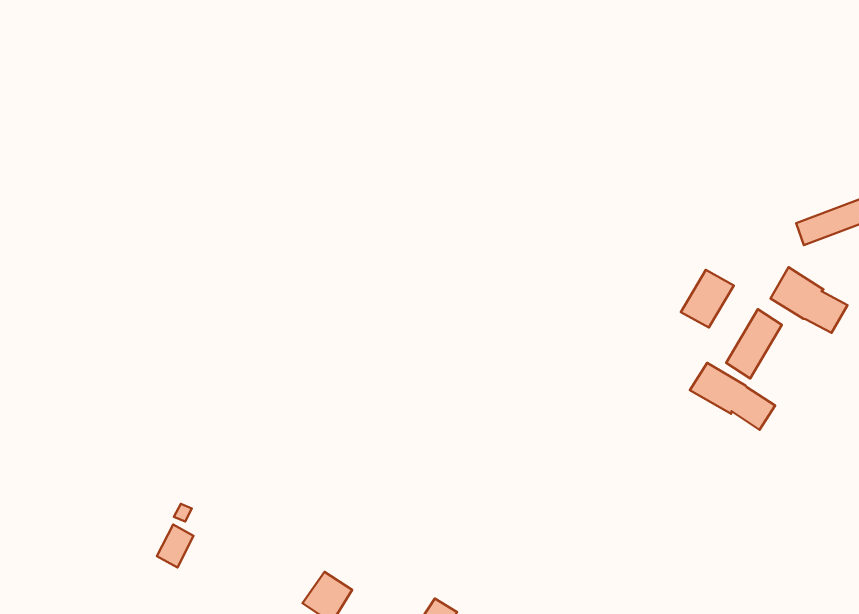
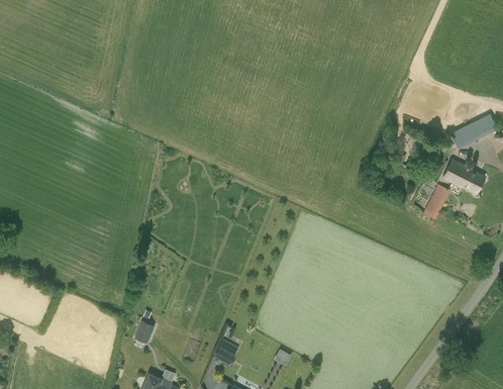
building: [681,270,734,328] -> none
building: [690,363,775,430] -> none

